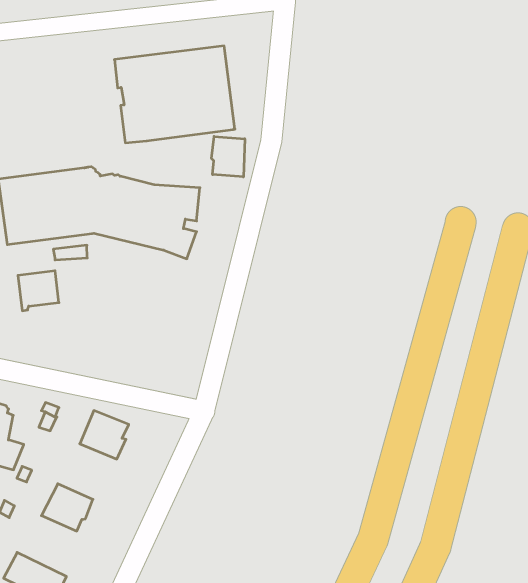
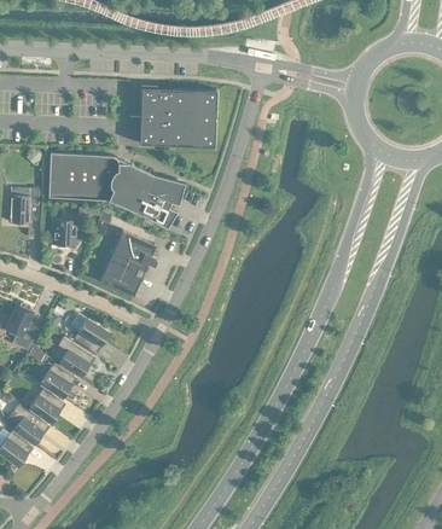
building: [212,136,245,177] -> none
building: none -> [99,231,155,296]
building: none -> [58,338,95,377]
building: none -> [29,389,65,423]

